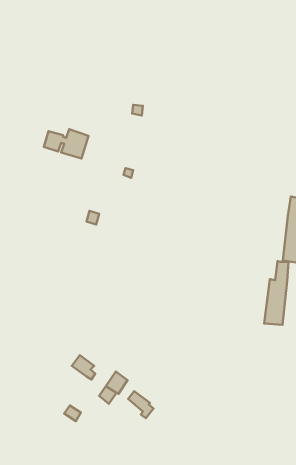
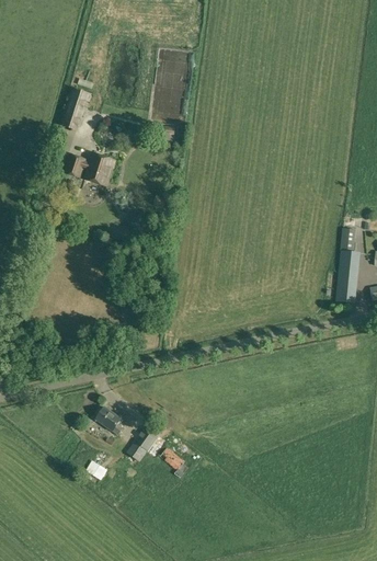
building: none -> [64,88,90,130]
building: [264,261,289,325] -> none

